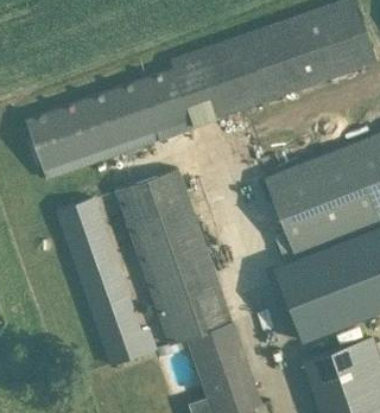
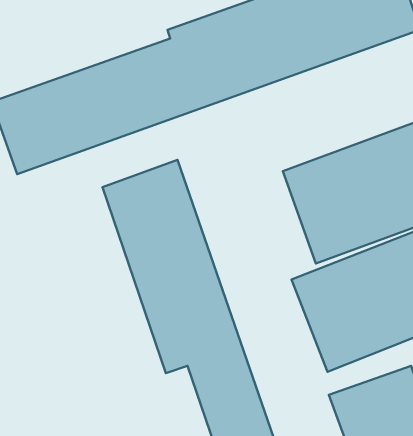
building: [57,198,157,366] -> none

